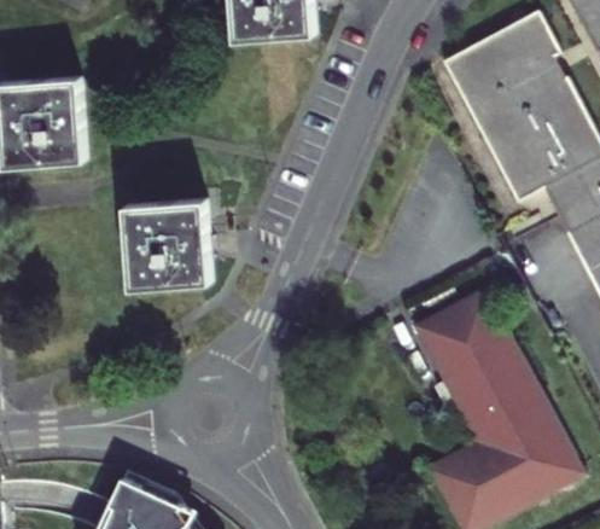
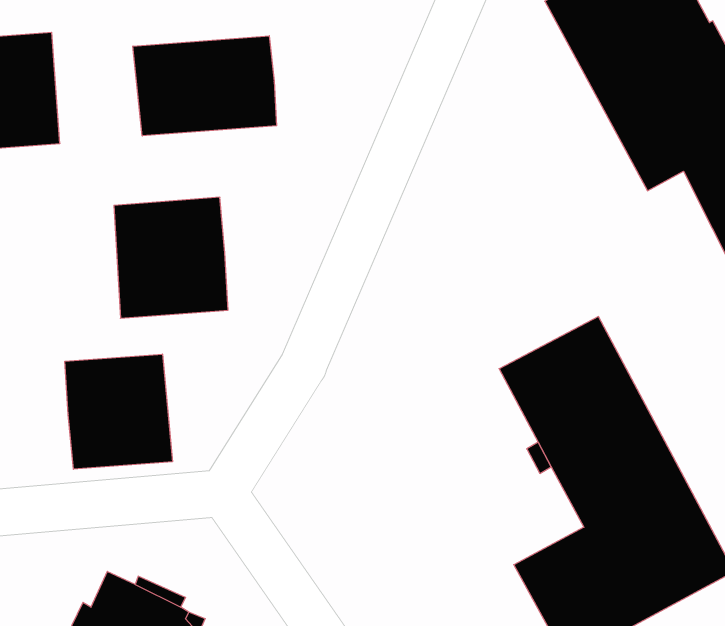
building: none -> [133,36,277,136]
building: none -> [65,354,172,469]

